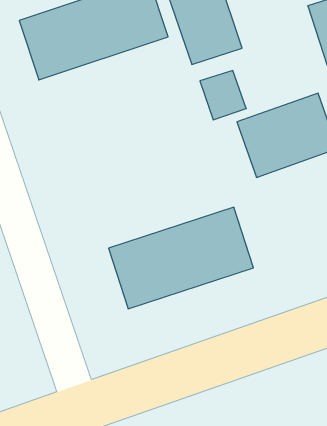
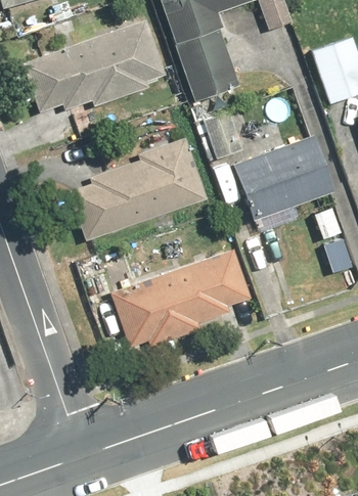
building: none -> [61,139,206,240]

